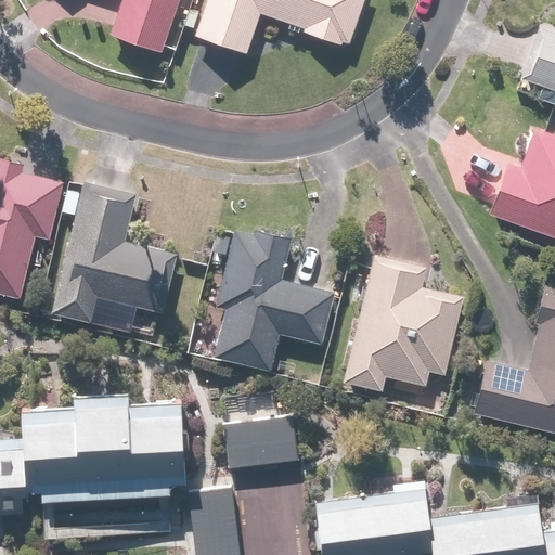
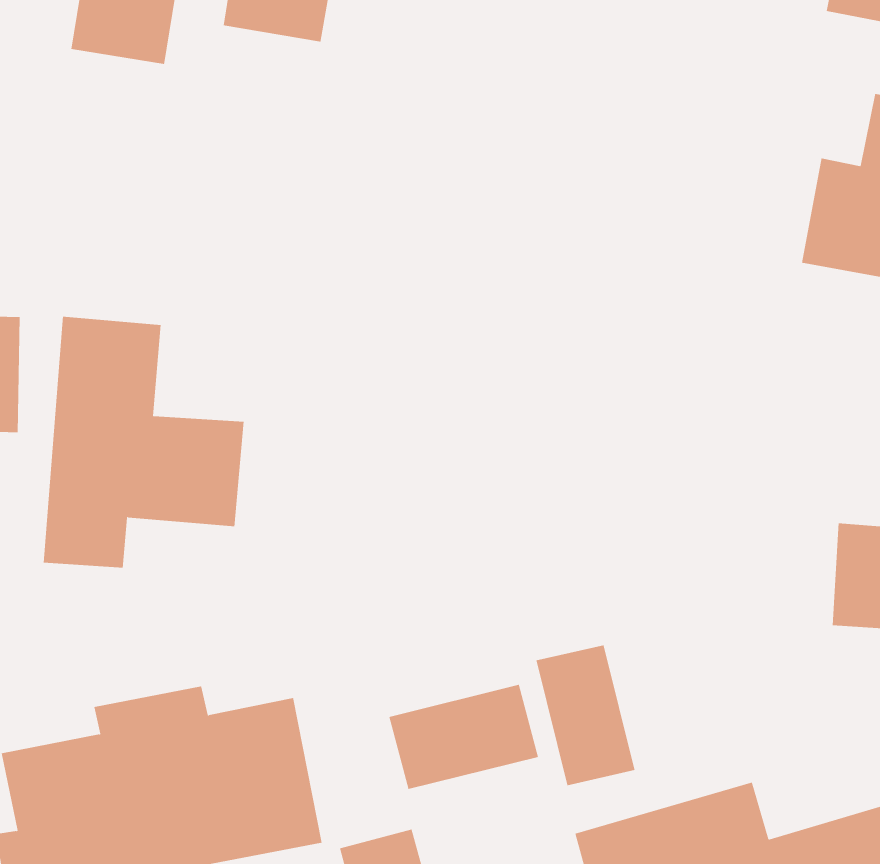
building: [215,230,336,371] -> none
building: [343,256,465,392] -> none
building: none -> [536,644,635,786]

